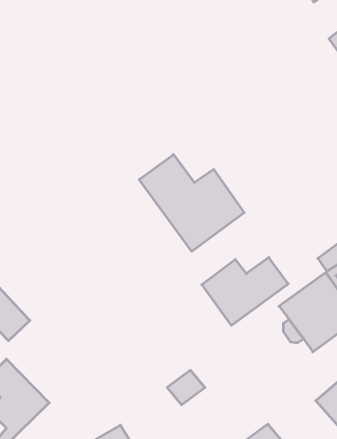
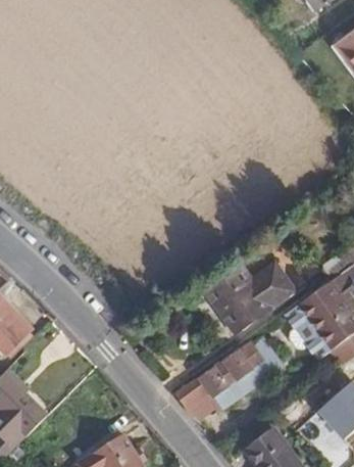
building: [139,154,244,251] -> none
building: none -> [193,342,258,398]

